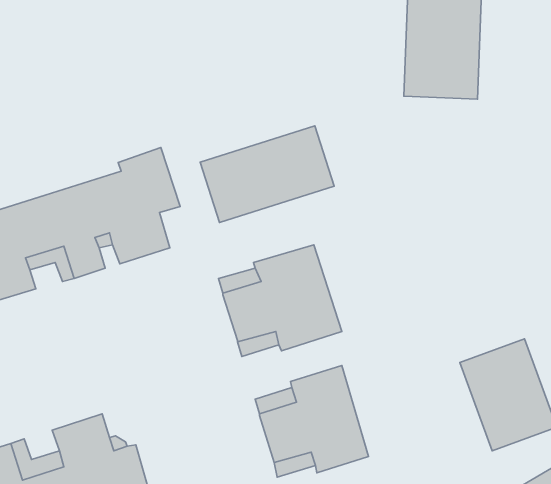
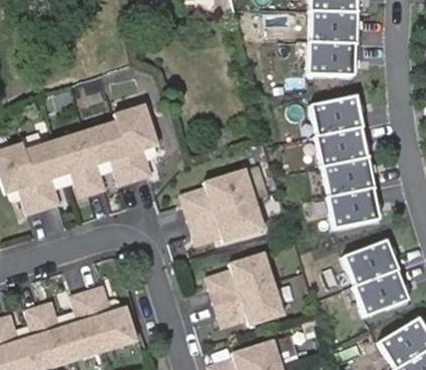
building: [200,126,334,222] -> none
building: none -> [312,93,382,224]

